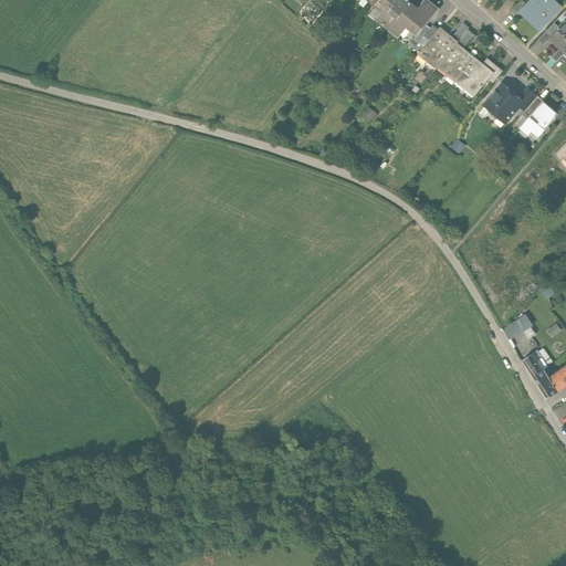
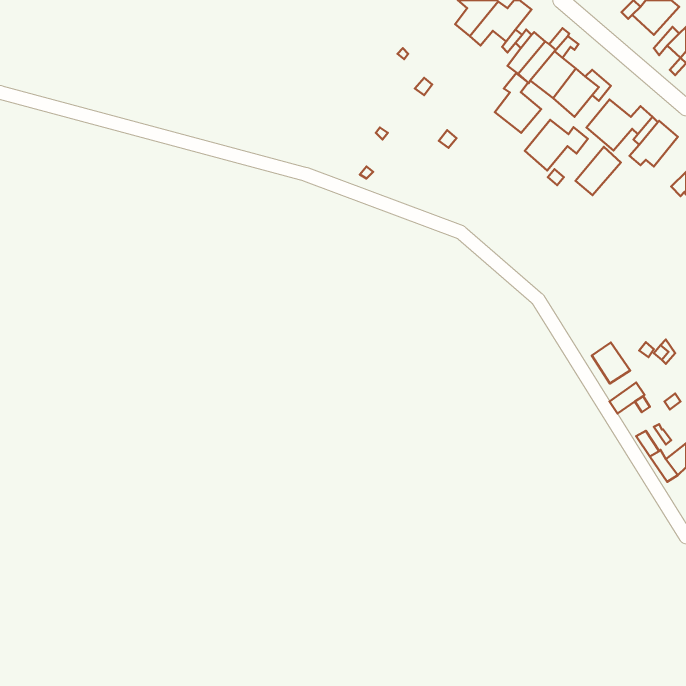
building: none -> [495,73,541,133]
building: none -> [525,120,588,170]
building: none -> [575,147,621,195]
building: none -> [592,343,630,384]

